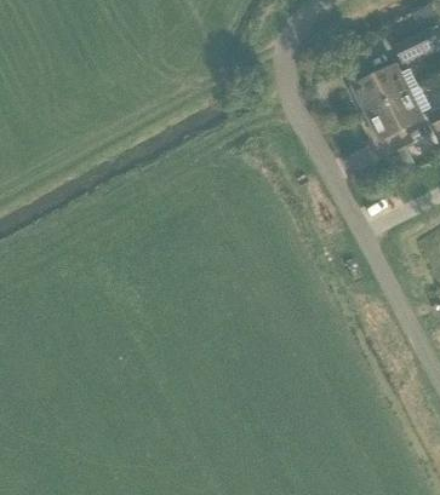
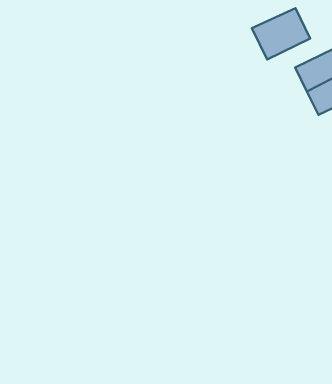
building: none -> [252,8,310,59]

